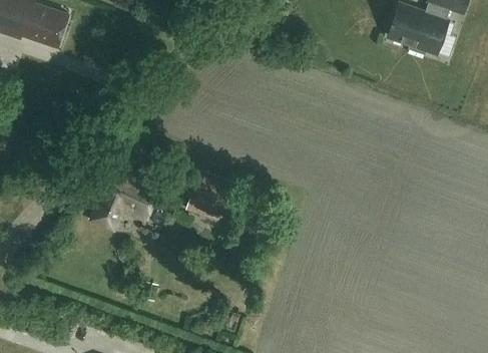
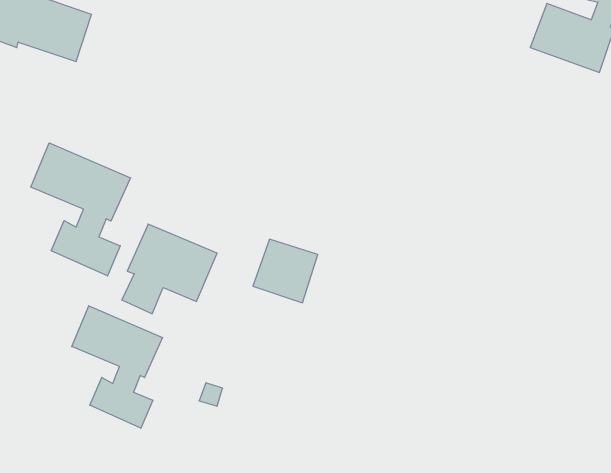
building: none -> [31,143,131,276]
building: none -> [72,306,163,428]

